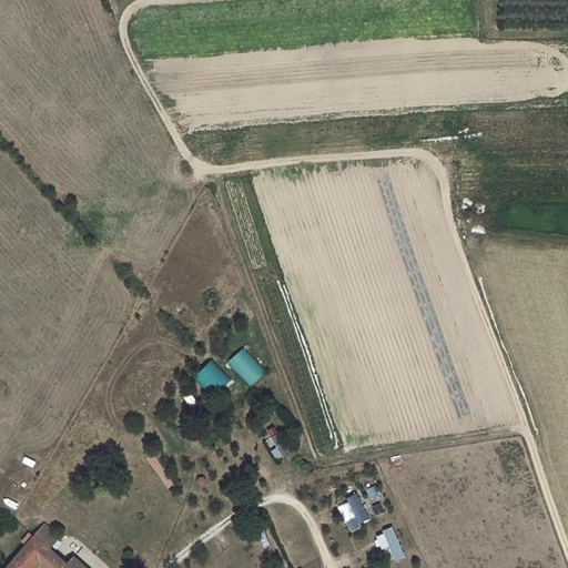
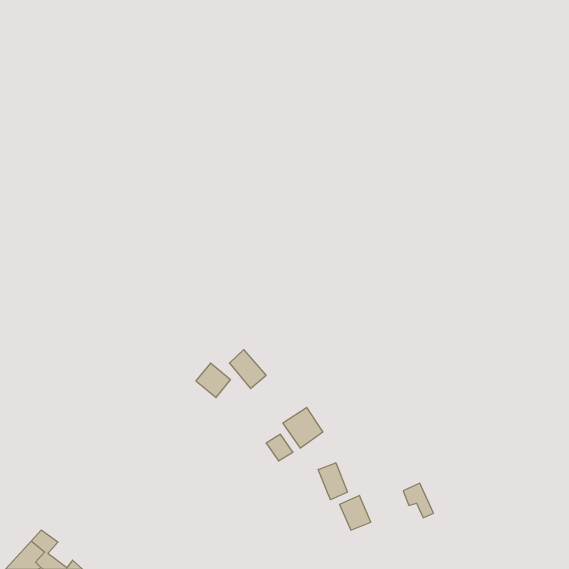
building: none -> [283,407,323,448]
building: none -> [318,463,348,500]
building: [376,527,406,561] -> [403,483,433,518]

